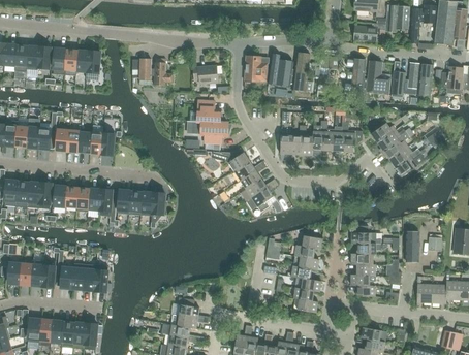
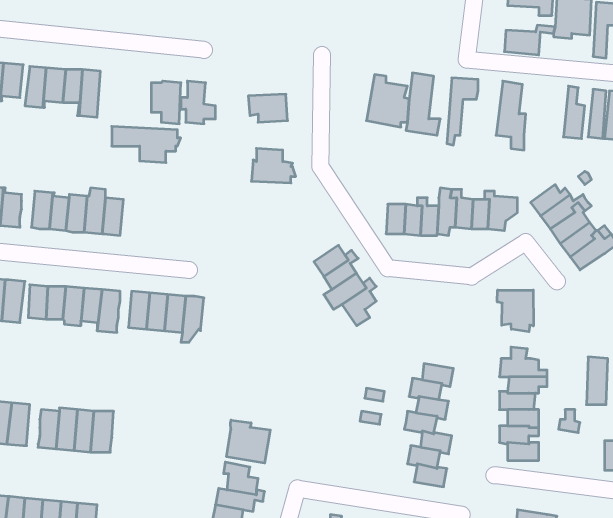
building: [244,56,268,82] -> none
building: [367,61,389,94] -> none
building: [187,121,230,143] -> [112,126,181,163]
building: [211,151,250,171] -> none
building: none -> [497,290,533,332]
building: none -> [227,420,270,463]

